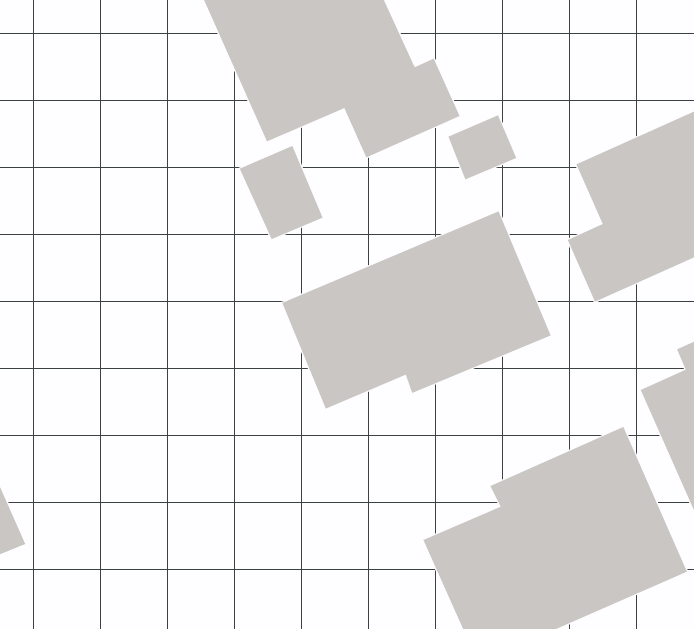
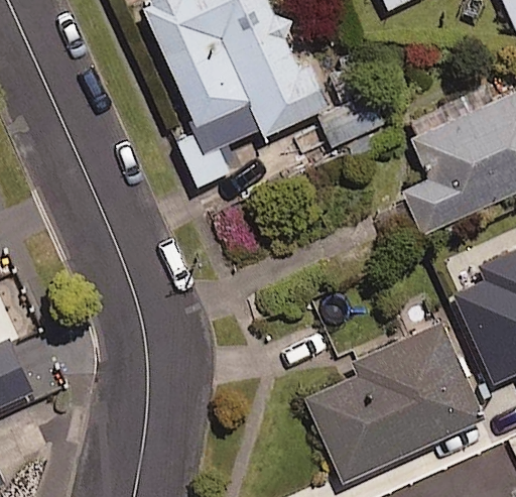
building: [281,211,552,410] -> none

